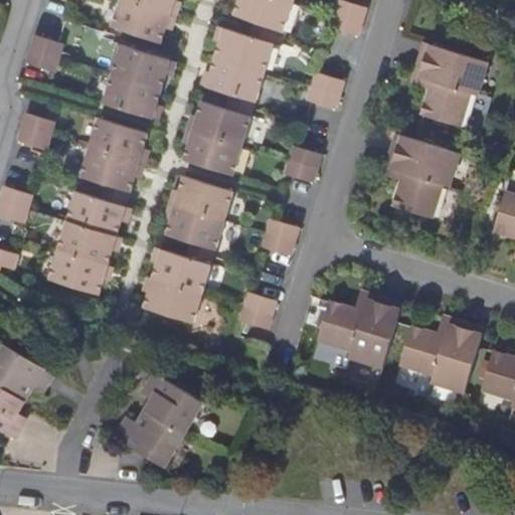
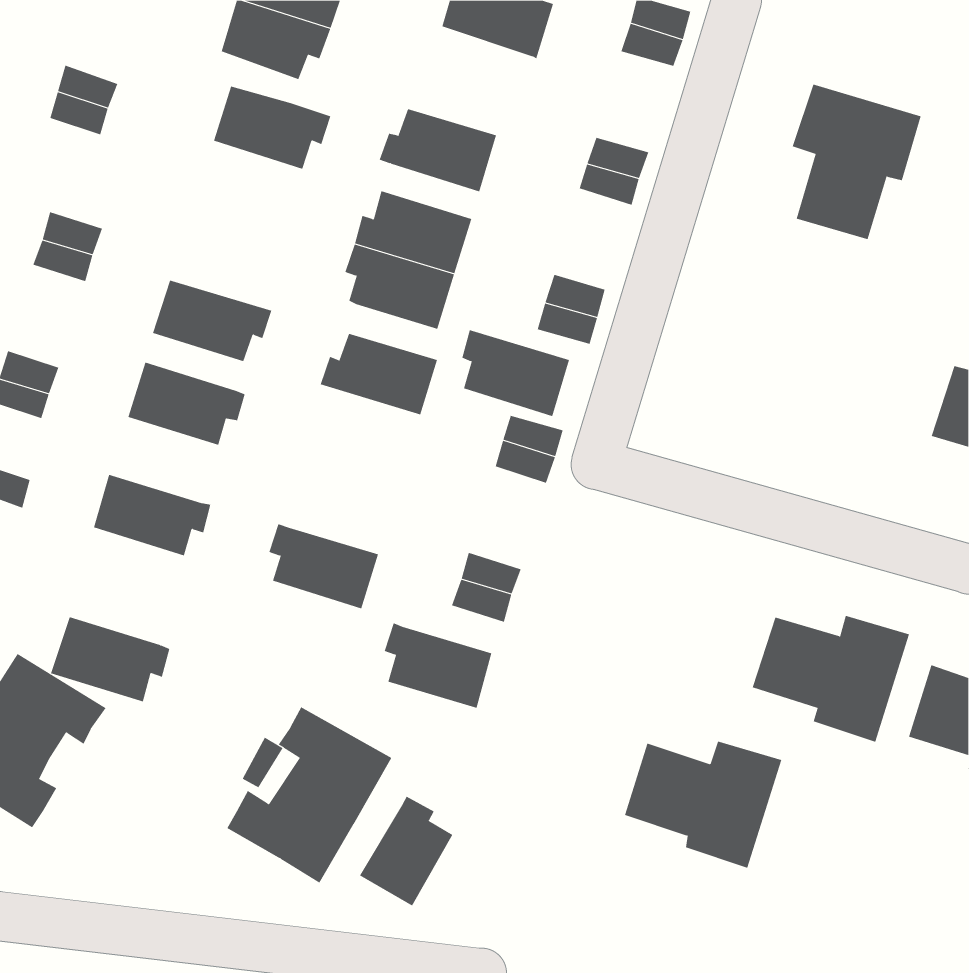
building: [213,26,272,71] -> none
building: [104,74,162,120] -> none
building: [90,119,149,164] -> none
building: [391,136,459,218] -> none
building: [165,203,222,249] -> [461,329,570,417]
building: [57,220,121,266] -> [50,616,170,702]
building: [151,247,208,293] -> [384,623,492,708]
building: [316,300,399,367] -> [624,741,782,868]
building: none -> [359,796,453,906]

